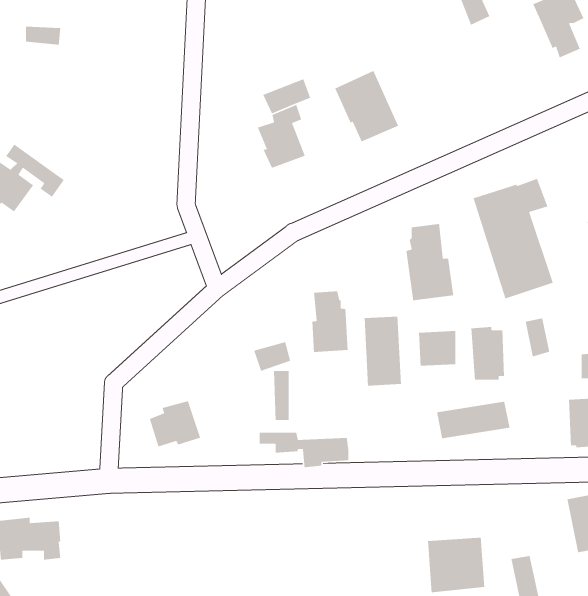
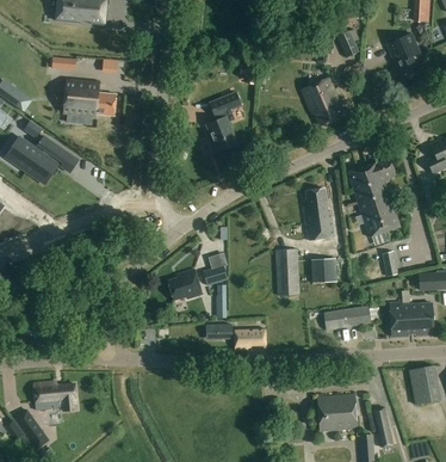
building: none -> [57,79,117,130]
building: [334,70,399,143] -> [302,78,345,125]
building: [311,290,348,353] -> none
building: [471,326,505,380] -> [389,301,411,337]
building: [149,400,201,447] -> [168,269,203,300]

